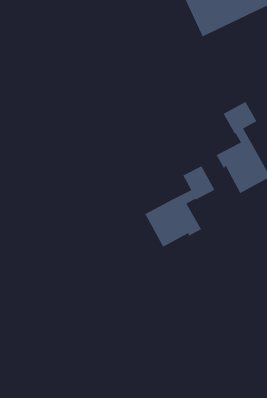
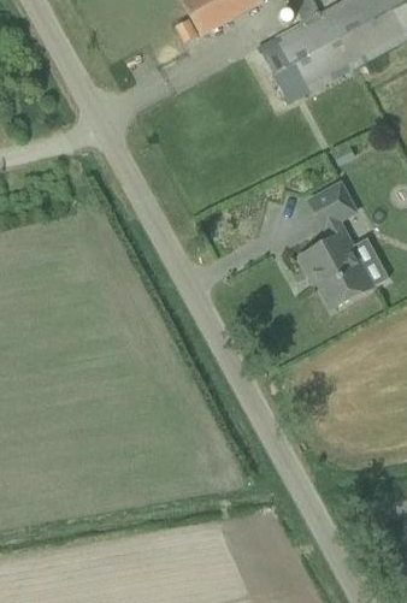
building: [144,165,216,248] -> none

